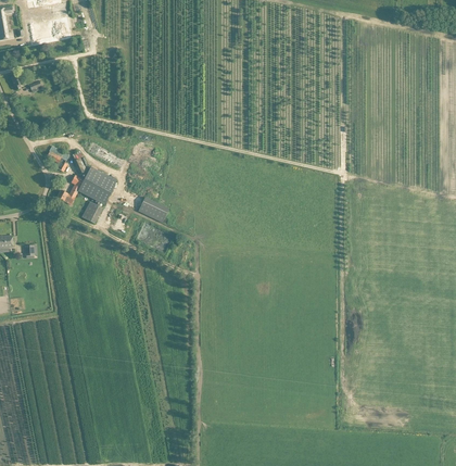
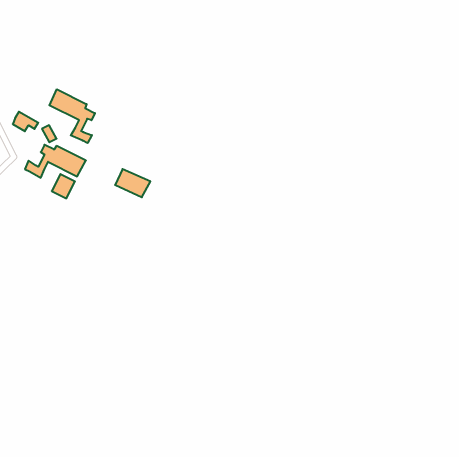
building: none -> [49,89,95,143]

